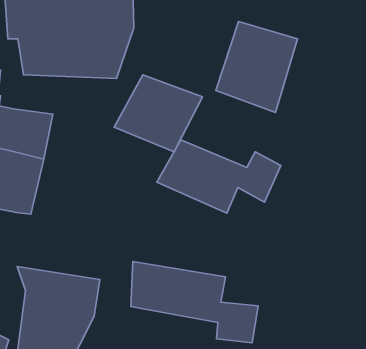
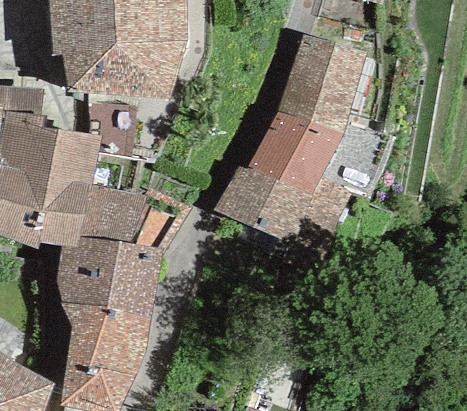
building: [114,75,203,152] -> [246,111,342,195]
building: none -> [55,186,162,317]
building: [131,261,258,343] -> none

